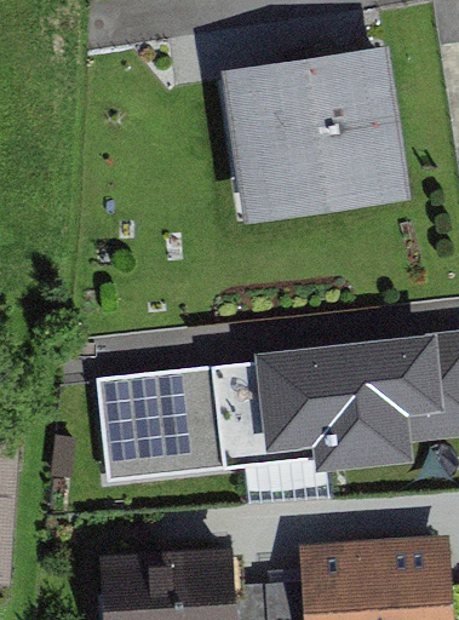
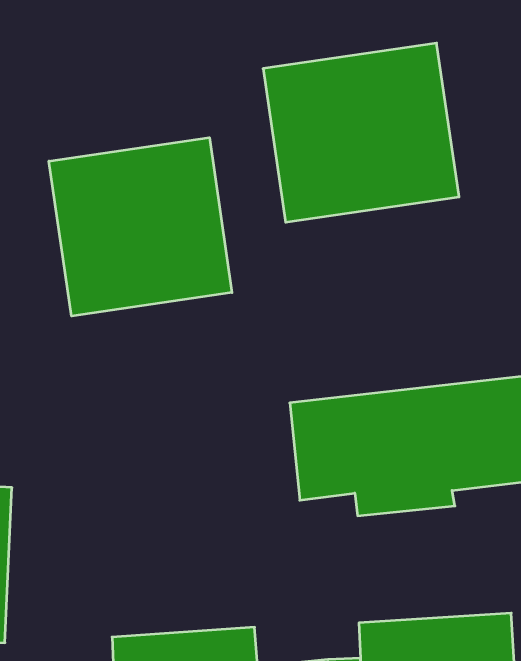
building: none -> [49,138,232,316]
building: [96,360,314,480] -> none

